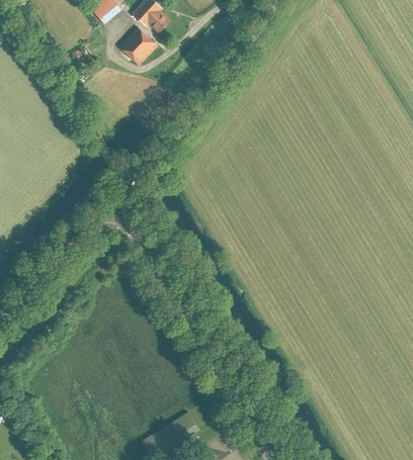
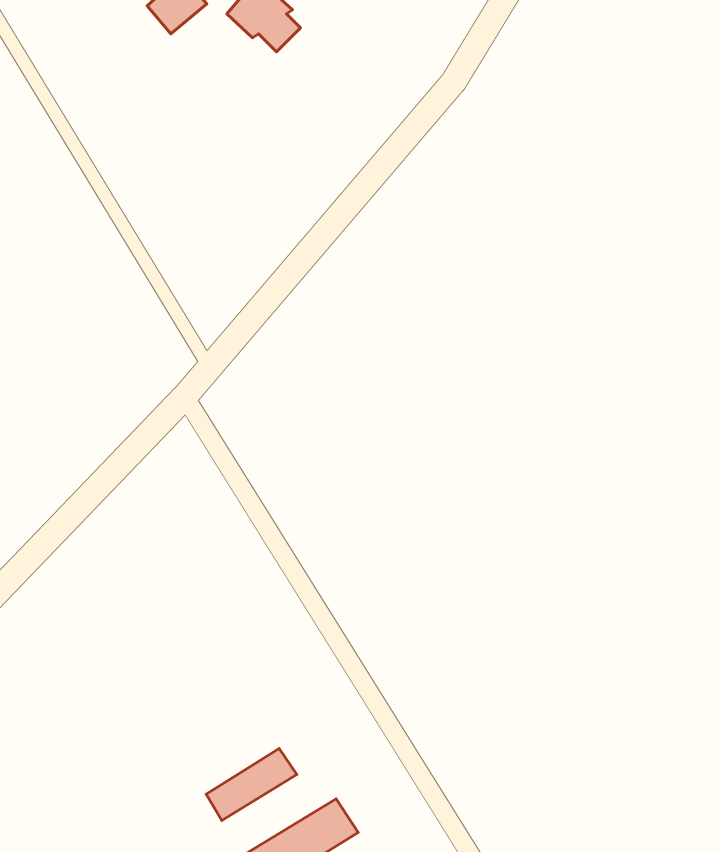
building: [118,27,156,66] -> none
building: none -> [206,749,297,821]

